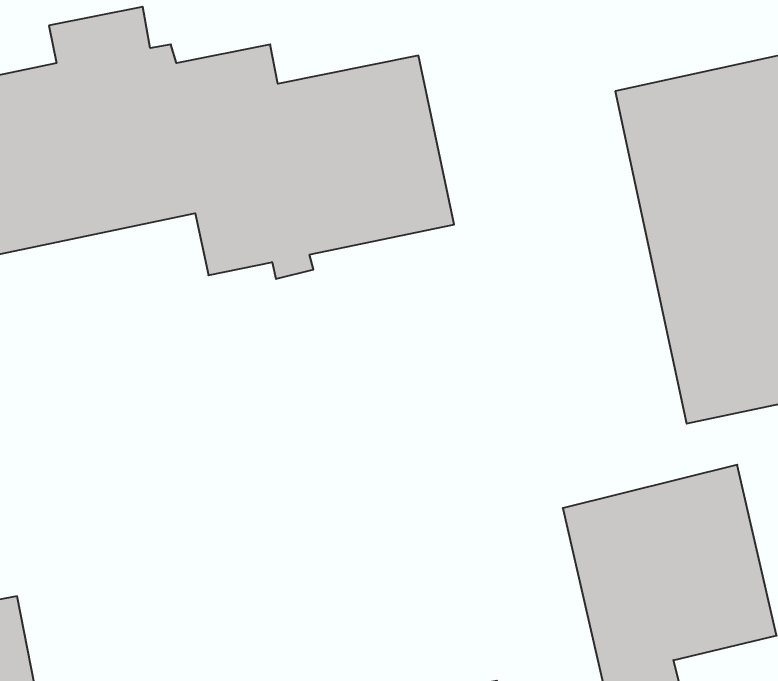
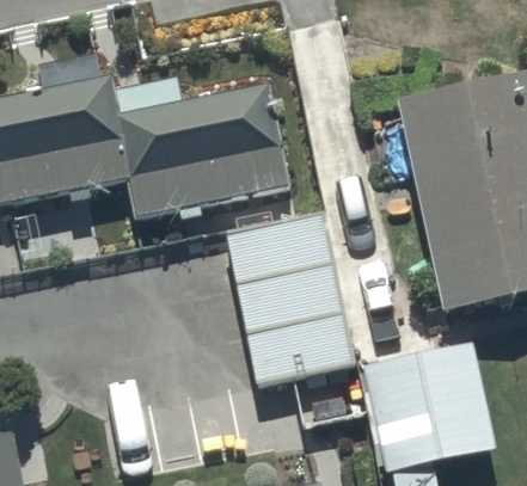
building: none -> [223,208,355,388]

